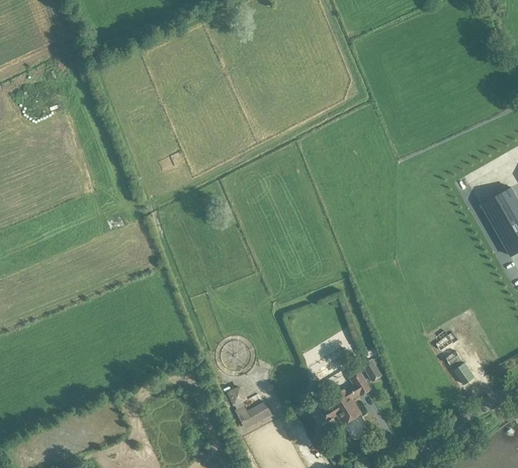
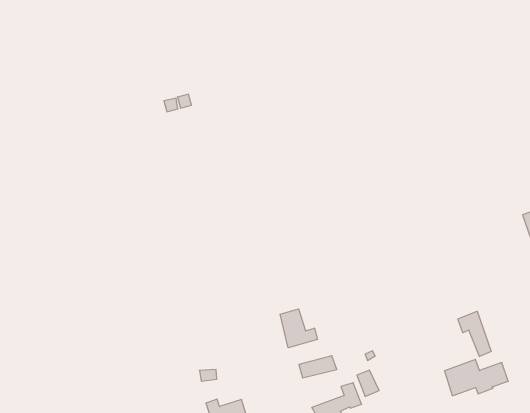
building: none -> [458,311,491,357]
building: none -> [280,309,317,348]

